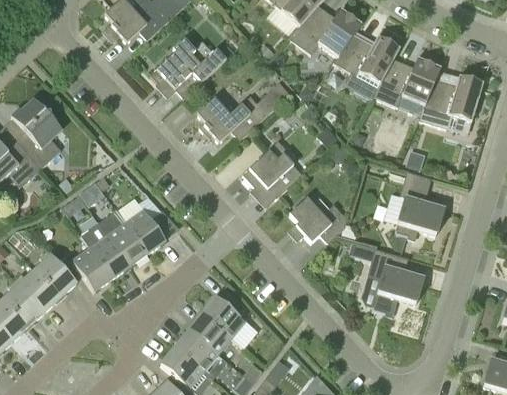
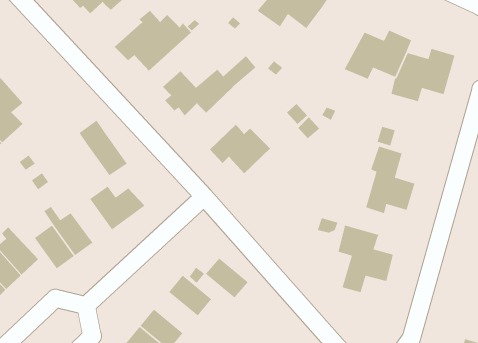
building: [334,35,400,102] -> none
building: [289,197,347,242] -> none
building: [100,210,148,265] -> [78,120,128,176]
building: [189,313,232,353] -> [205,258,249,299]

